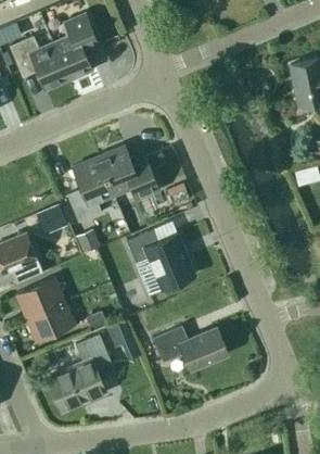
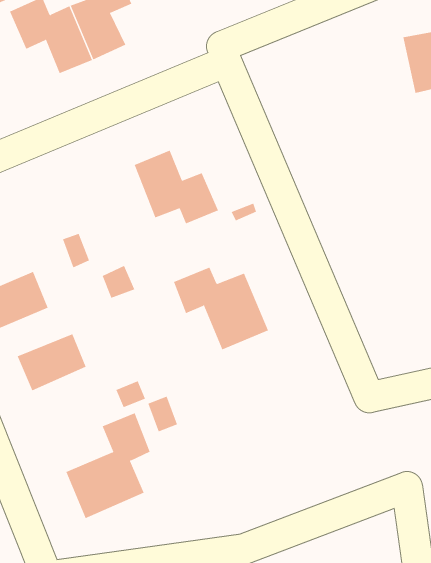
building: [67,156,114,223] -> none
building: [26,301,76,342] -> none
building: [153,326,229,369] -> none

